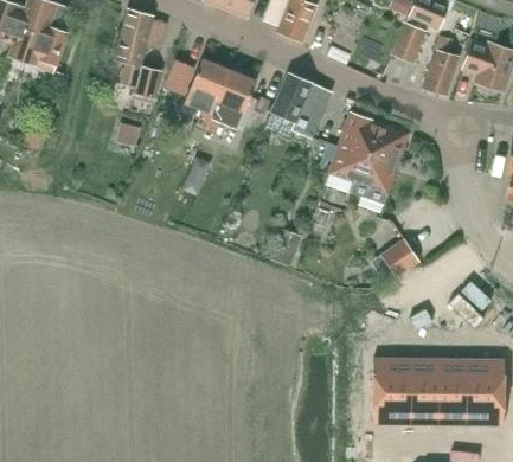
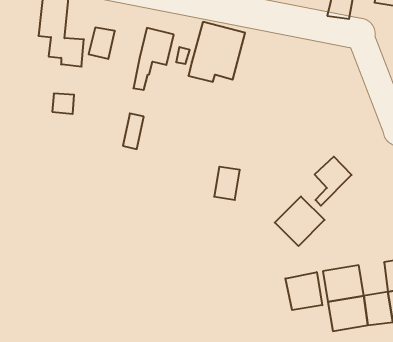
building: [185,58,230,130] -> none
building: [329,111,409,204] -> none
building: none -> [275,196,325,246]
building: none -> [285,272,322,310]
building: [412,358,440,391] -> none

